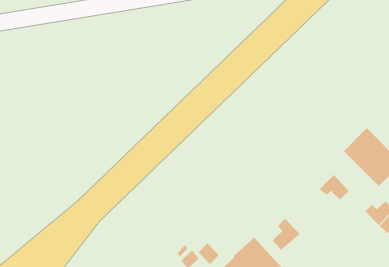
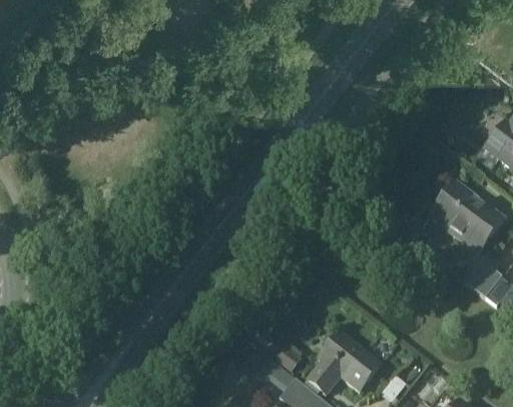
building: [319,174,349,200] -> none
building: [272,218,300,251] -> none

